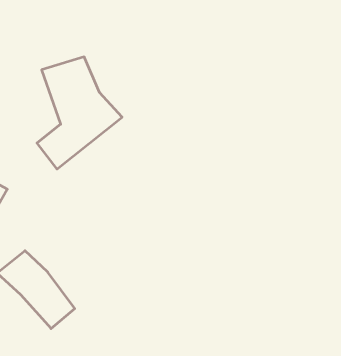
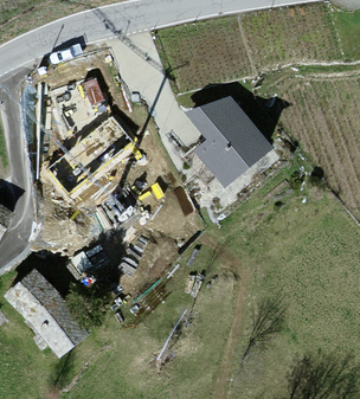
building: none -> [189,97,269,181]

